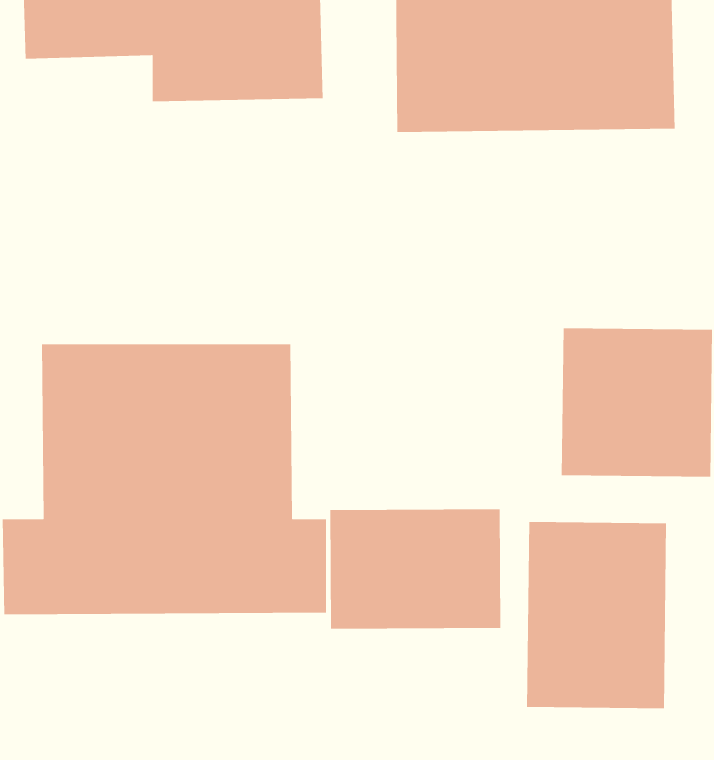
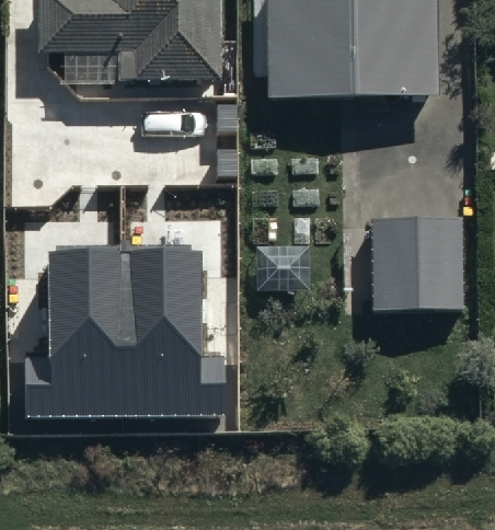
building: [329,509,501,629] -> none
building: [526,521,667,709] -> none

